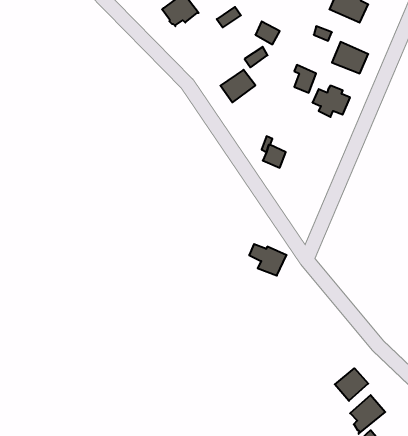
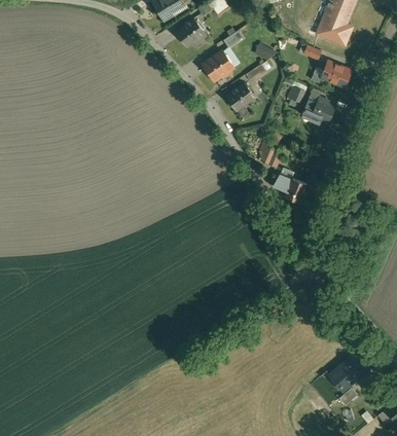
building: none -> [202,52,232,81]
building: [249,244,287,276] -> [275,177,306,204]
building: [335,368,368,401] -> none

